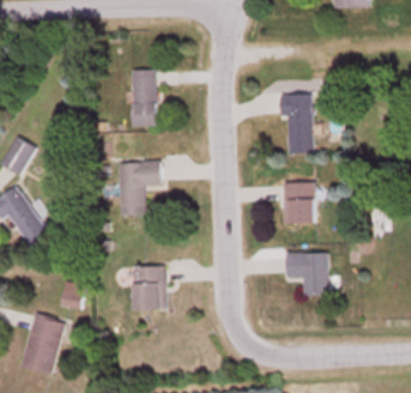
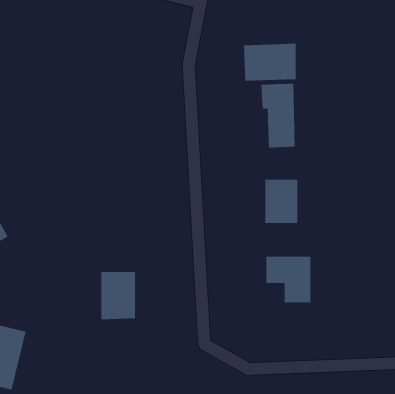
building: none -> [244,43,296,82]
building: [133,67,156,125] -> none
building: [120,161,161,214] -> none

